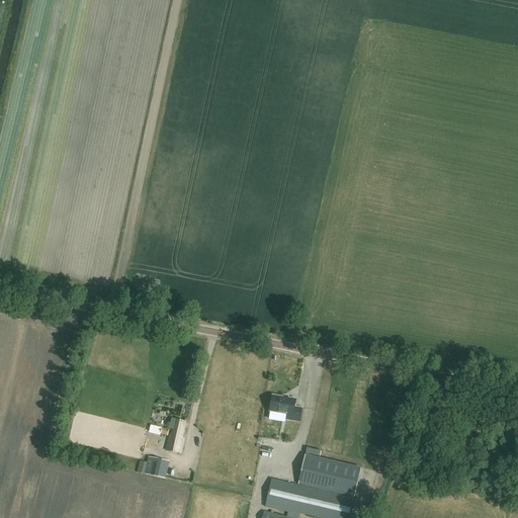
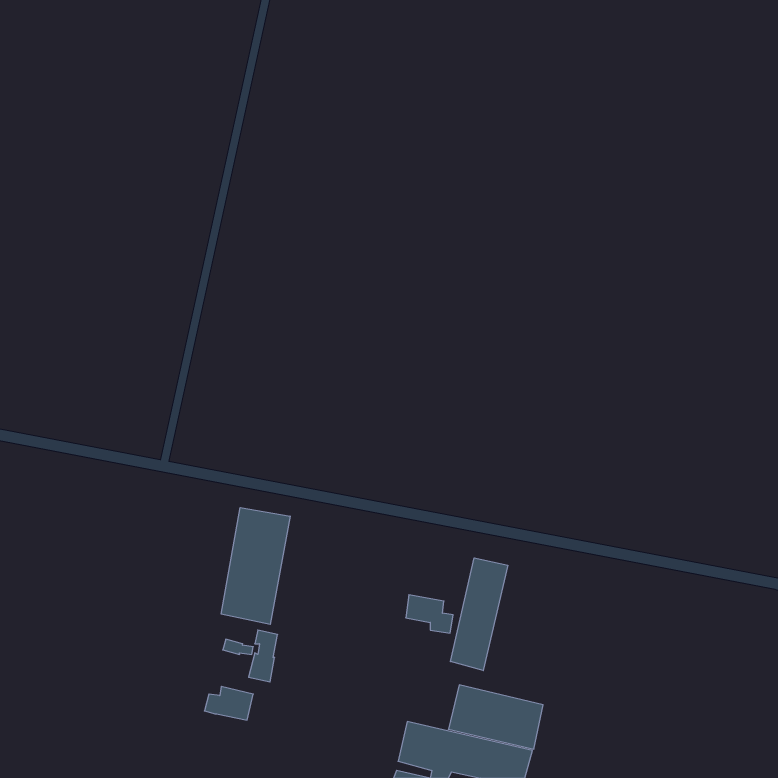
building: none -> [221,508,290,624]
building: none -> [450,558,508,671]

